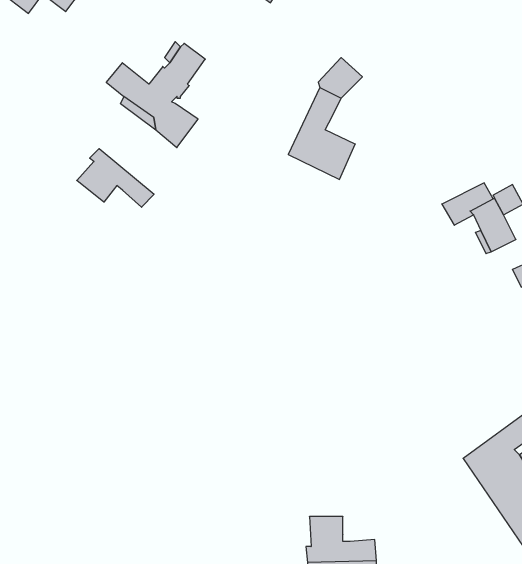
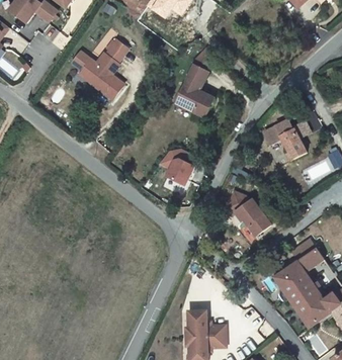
building: [77,149,154,207] -> none
building: none -> [158,149,193,185]
building: none -> [226,191,270,237]

